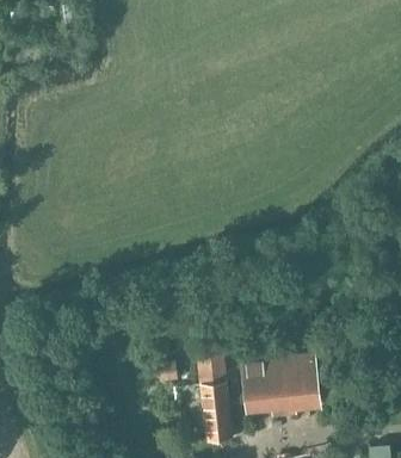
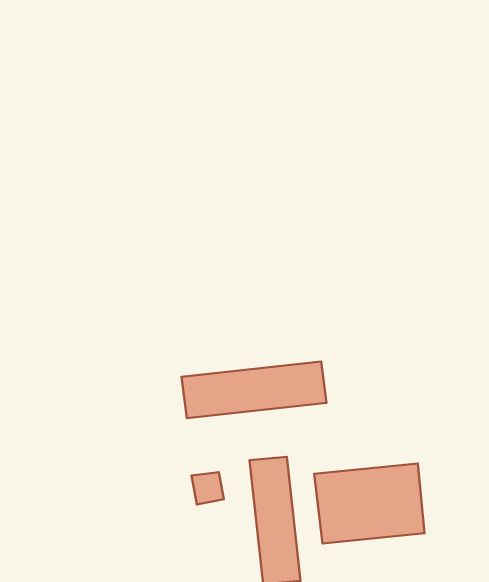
building: none -> [181,361,327,418]

